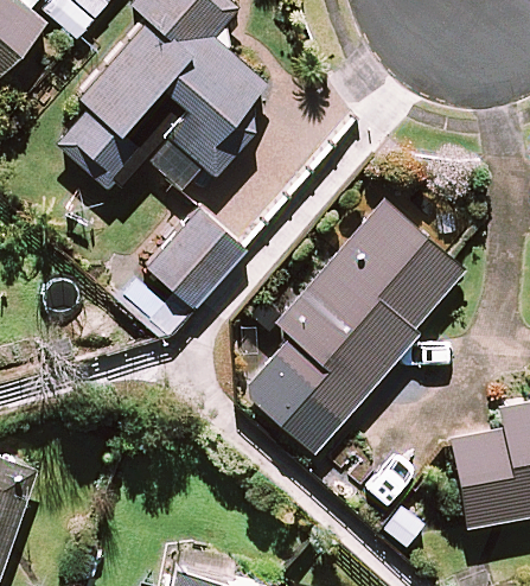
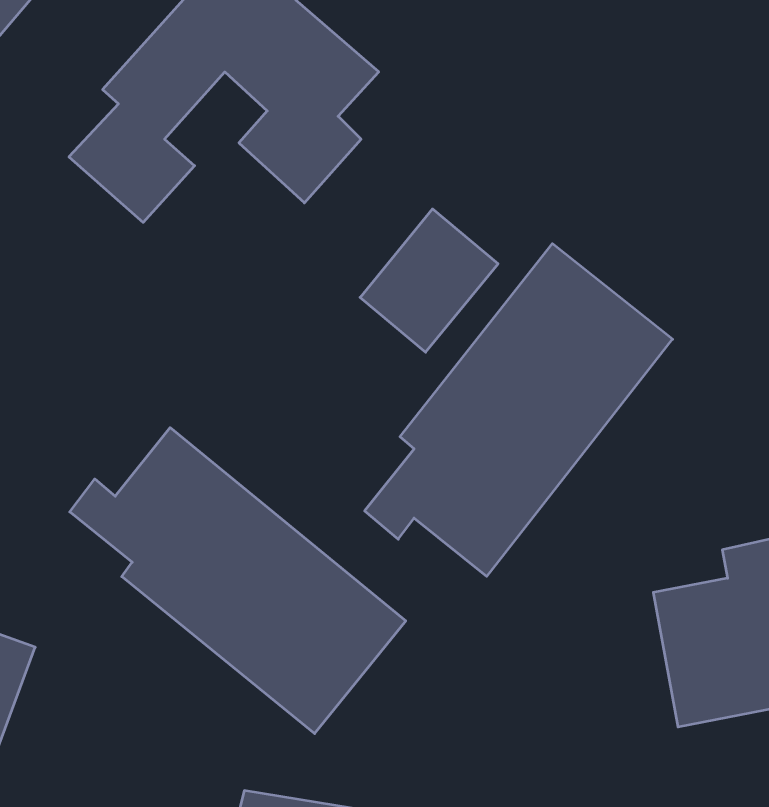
building: [151,211,243,307] -> [360,209,498,352]
building: none -> [70,428,406,734]

